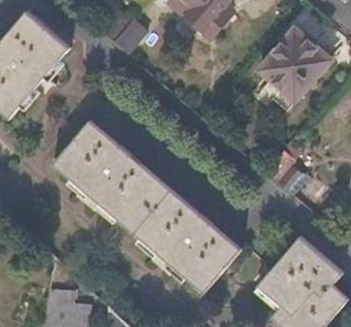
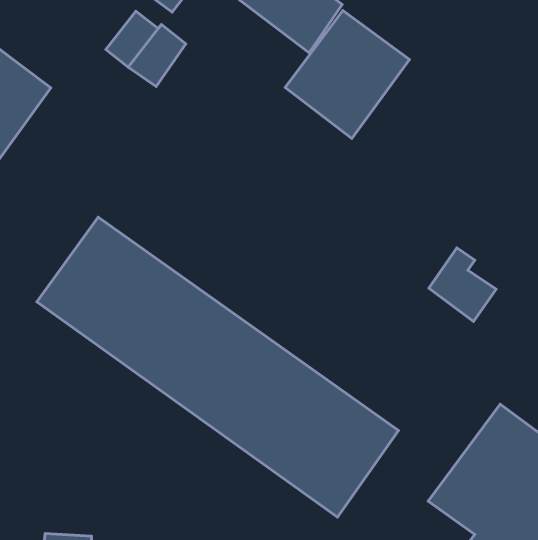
building: [258,29,326,98] -> [285,10,410,138]

